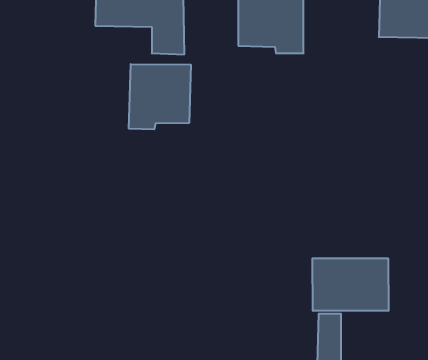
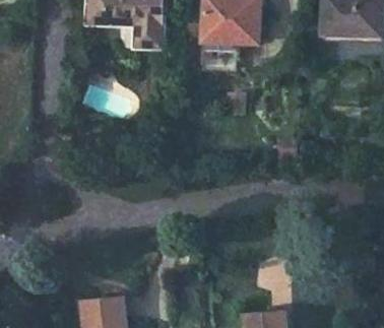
building: [129,64,191,129] -> none
building: [312,258,388,311] -> none

